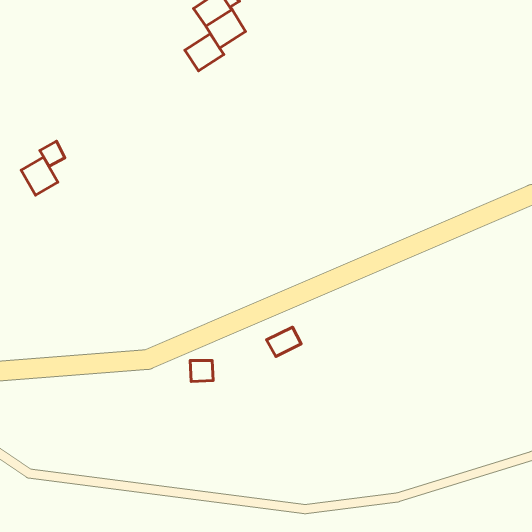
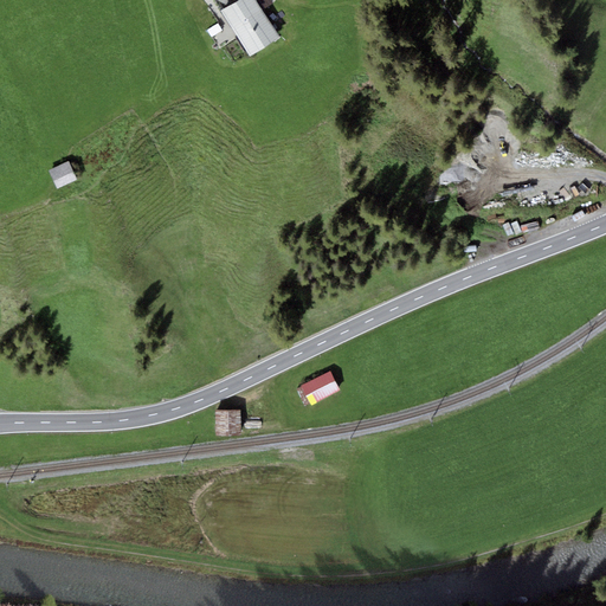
building: [185,34,224,71] -> none
building: [21,157,58,195] -> none

